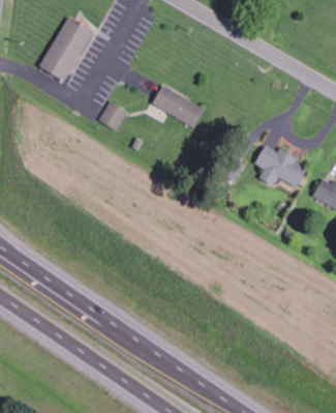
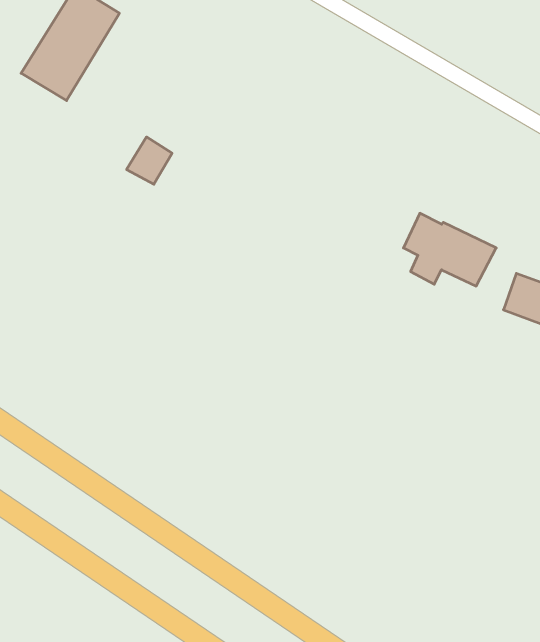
building: [152,85,205,127] -> none

